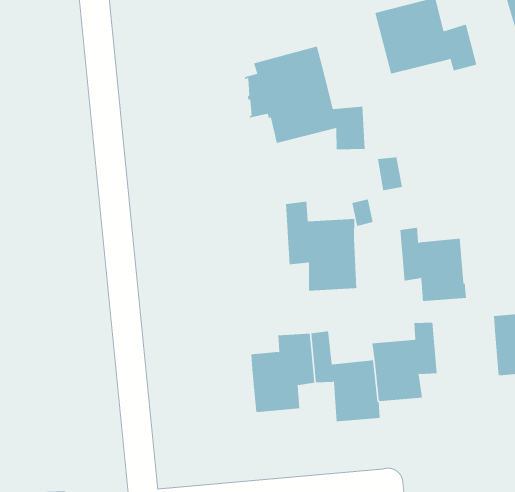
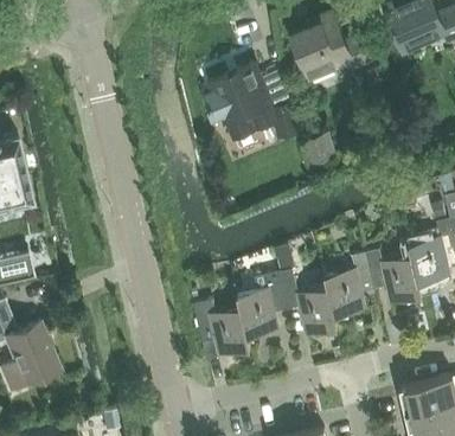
building: [286,201,357,291] -> none
building: [399,227,467,302] -> [366,249,422,302]
building: none -> [194,299,250,354]

